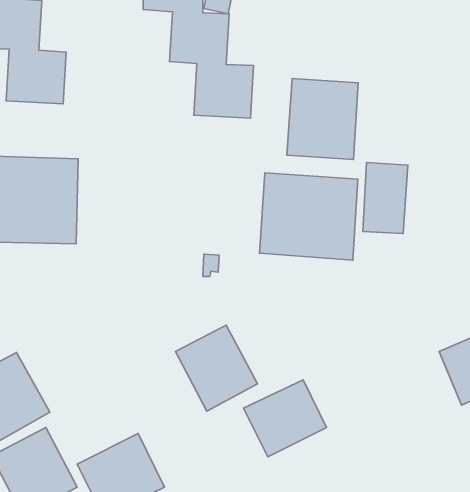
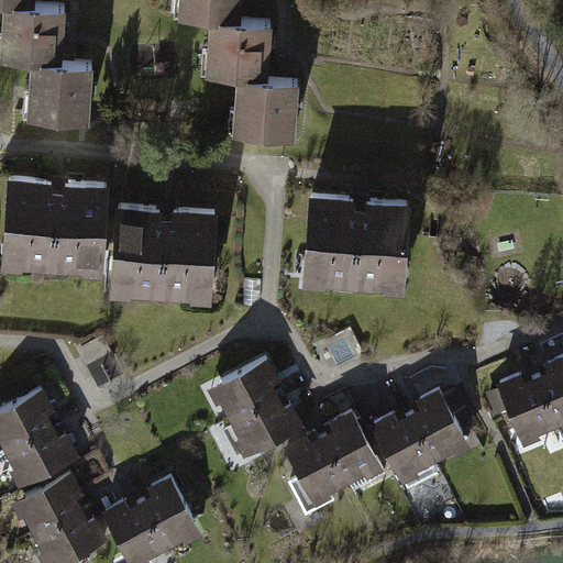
building: [287,79,358,160] -> none
building: [363,163,408,234] -> none
building: none -> [108,206,217,305]
building: none -> [372,397,467,487]

